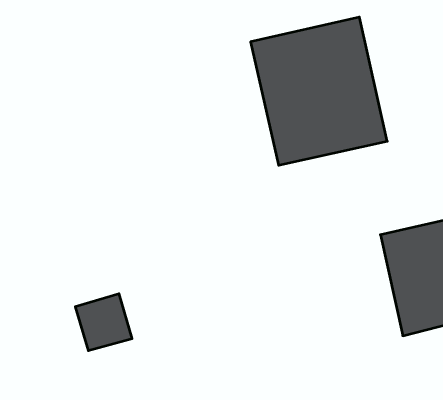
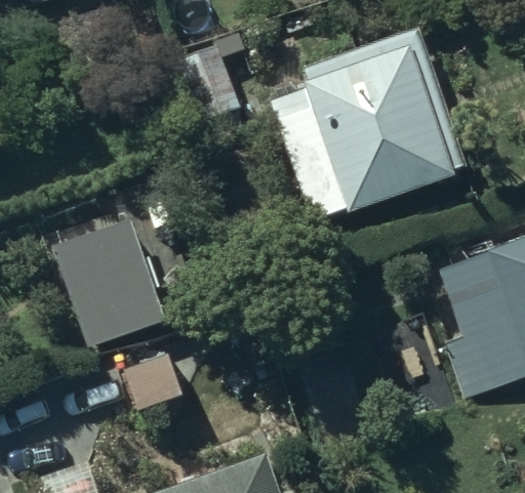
building: none -> [53,219,167,350]

